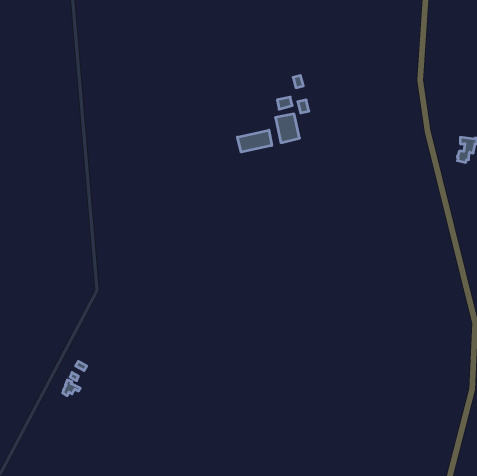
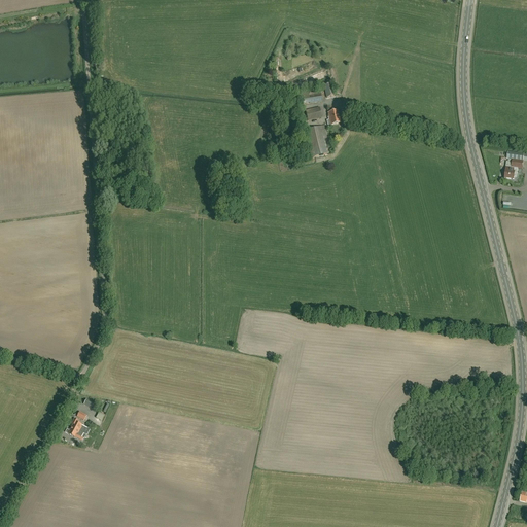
building: [237,130,272,152] -> none

